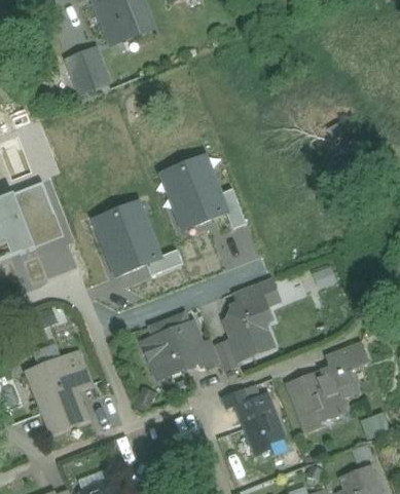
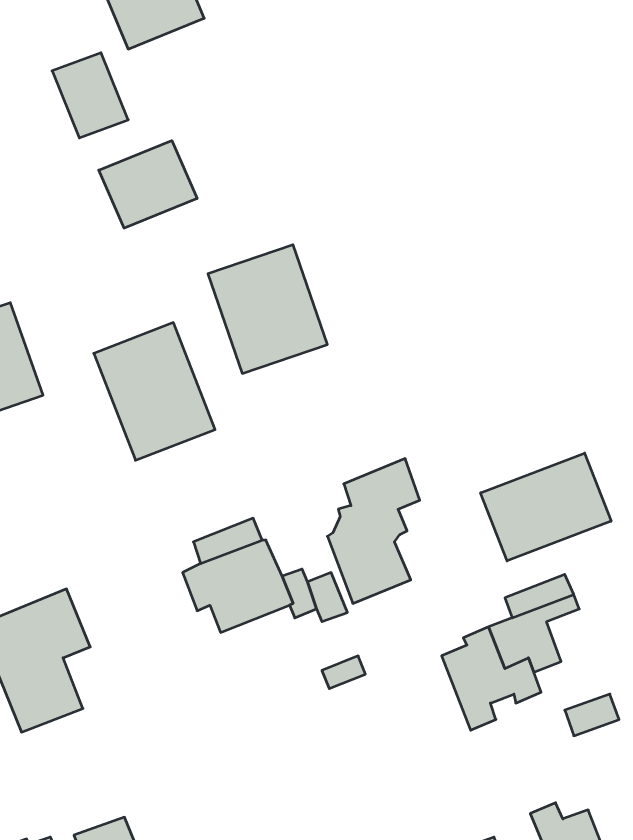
building: none -> [99,141,197,228]
building: none -> [481,453,611,561]
building: [241,394,281,452] -> none

